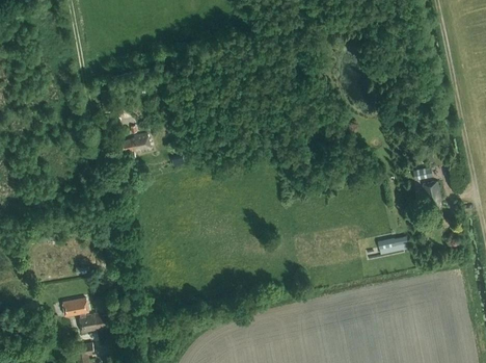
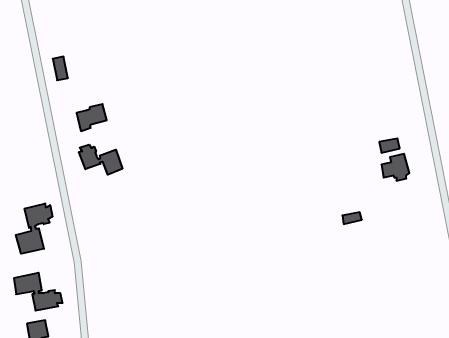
building: none -> [79,145,122,175]
building: none -> [16,203,53,254]

